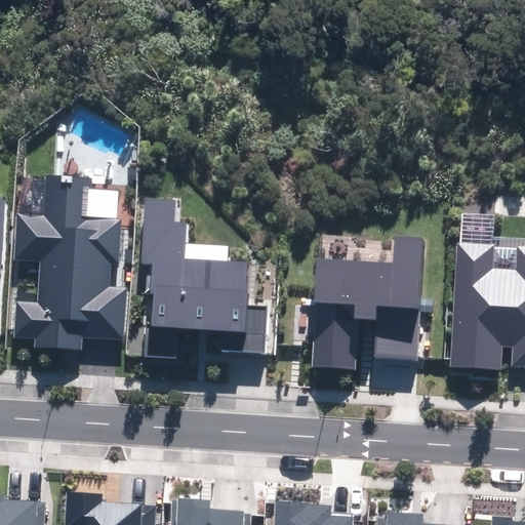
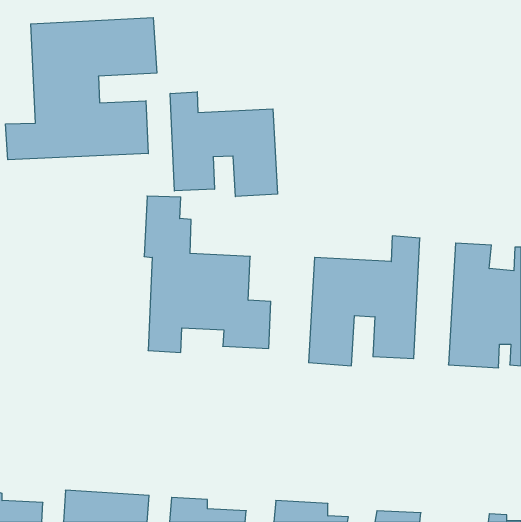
building: none -> [6,18,157,160]
building: none -> [170,92,277,197]
building: [9,178,132,348] -> none

